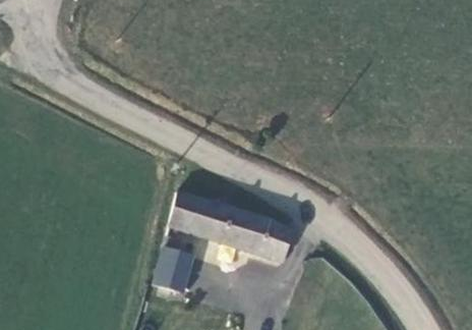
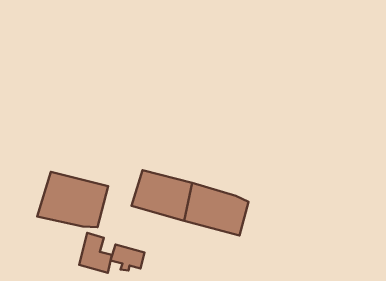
building: none -> [37,172,108,227]
building: [156,237,189,278] -> [79,233,112,273]

